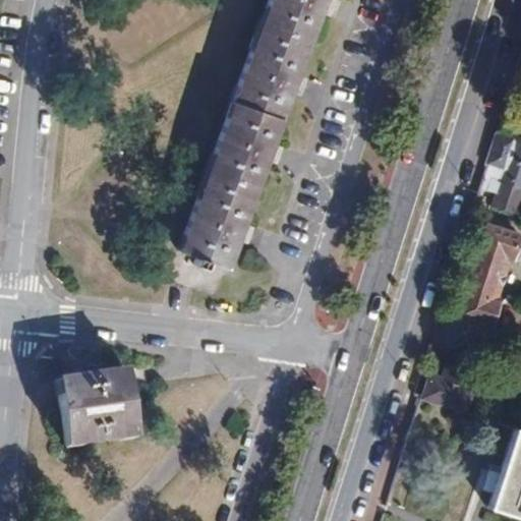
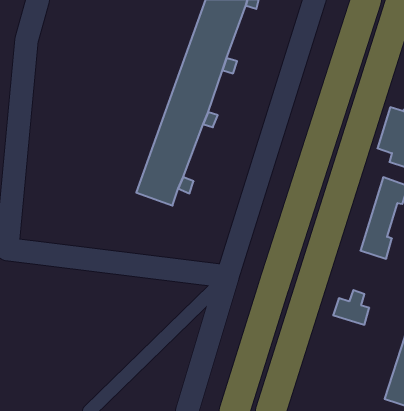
building: [59,366,137,447] -> none

